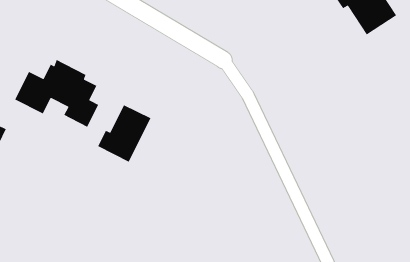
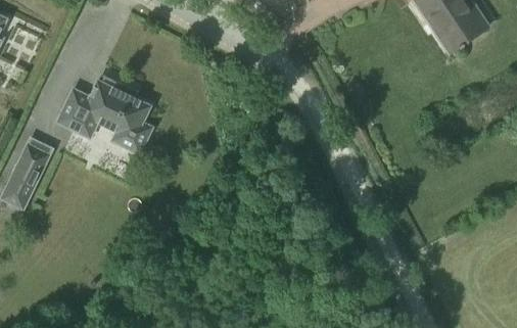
building: [97,104,151,163] -> none

